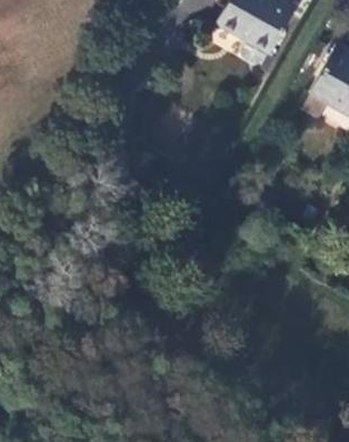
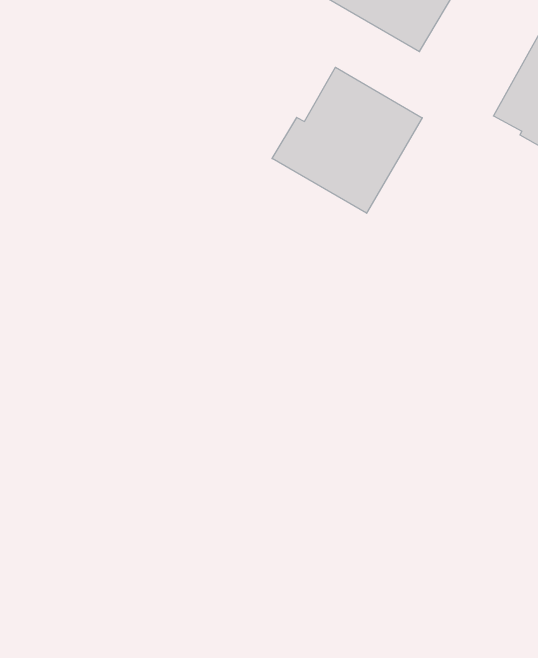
building: none -> [272,67,422,213]

